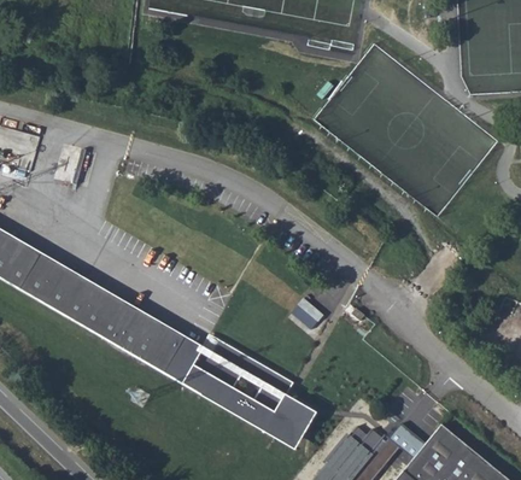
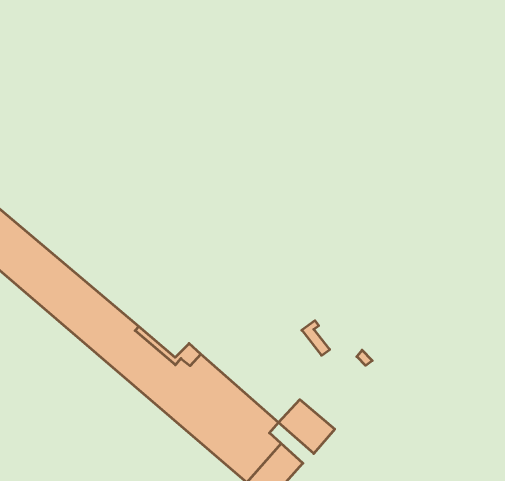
building: none -> [278,400,335,454]

